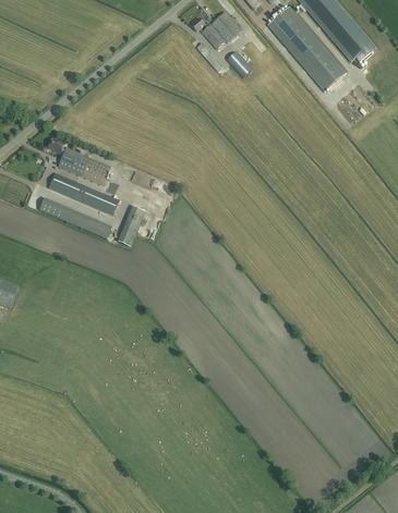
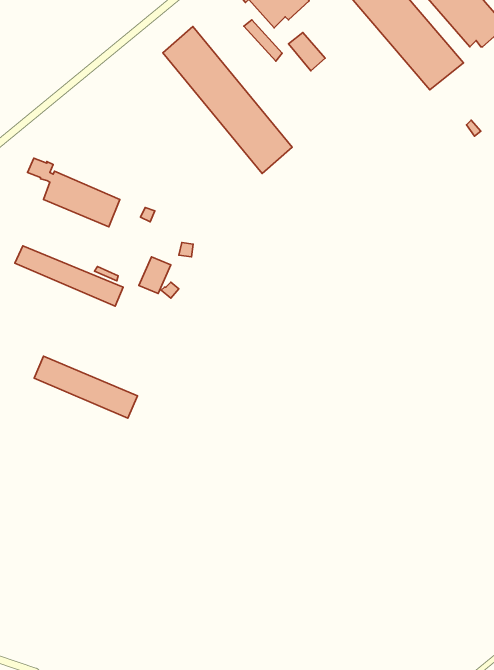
building: none -> [163,26,292,174]
building: [48,172,119,215] -> [34,356,137,418]

